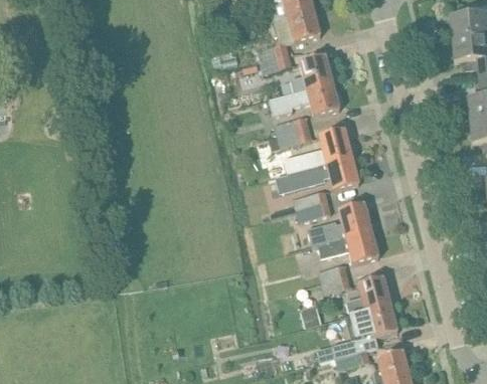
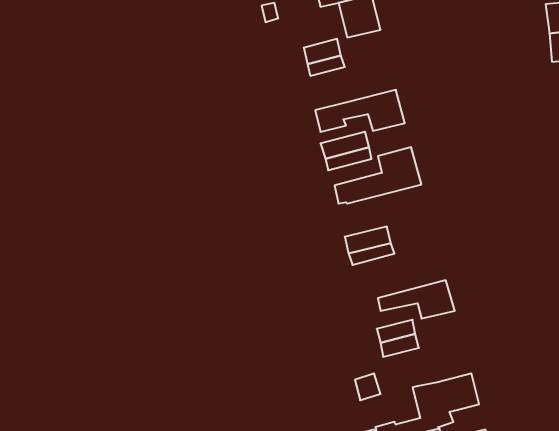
building: [291,55,333,93] -> none
building: [295,158,359,190] -> none
building: [308,203,372,247] -> none
building: [346,276,392,314] -> none

